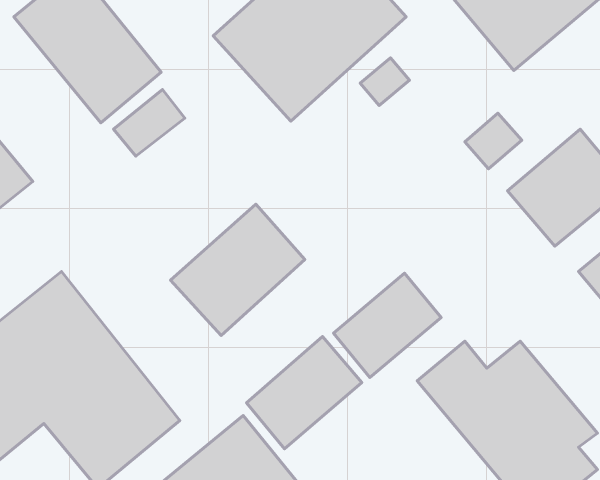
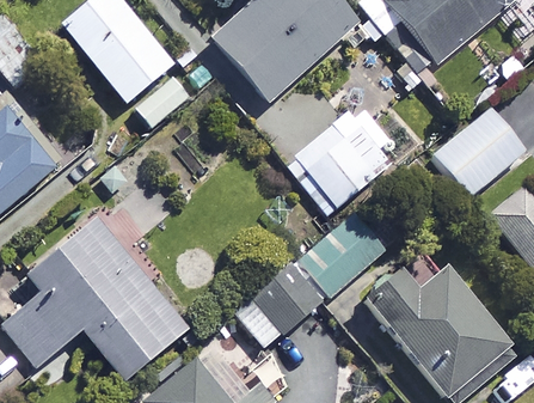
building: [170,204,305,336] -> [296,102,398,201]

